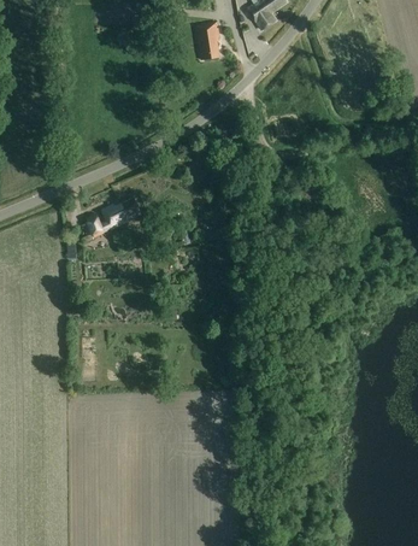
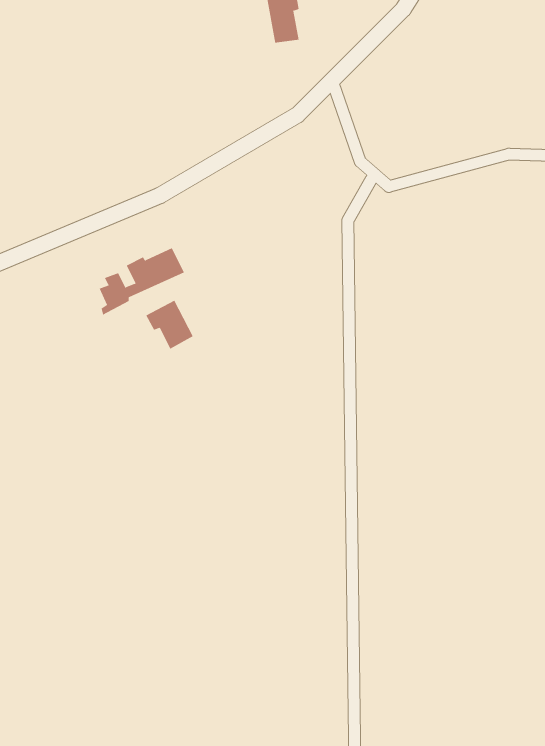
building: none -> [146,300,194,350]

